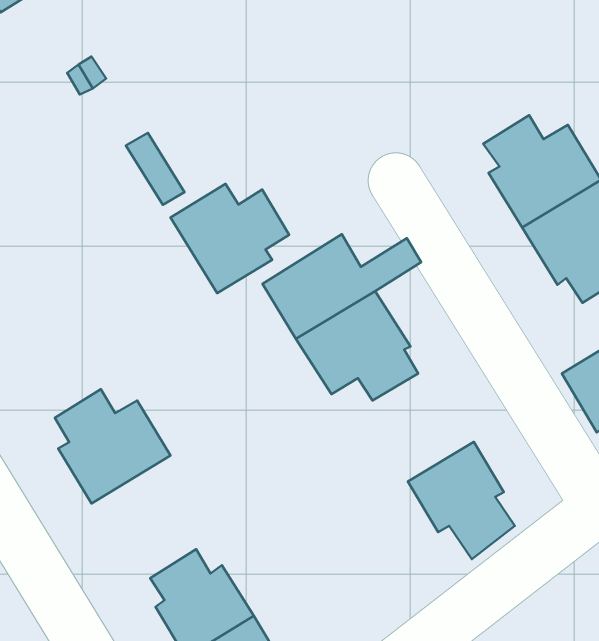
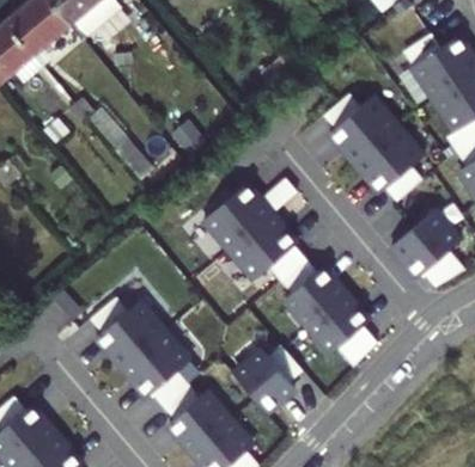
building: [171,184,289,293] -> none
building: none -> [280,259,345,325]
building: none -> [121,331,190,406]
building: none -> [235,345,303,411]

